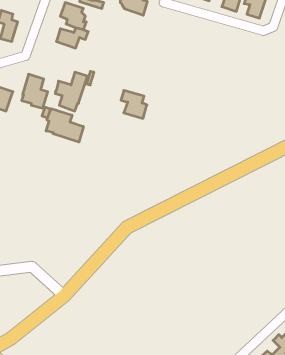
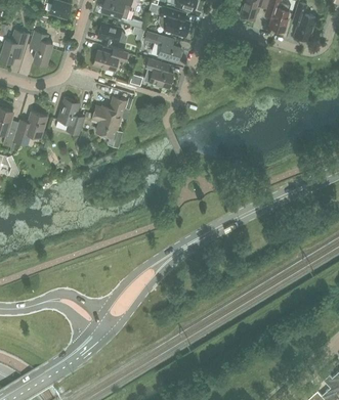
building: none -> [144,31,181,60]
building: [121,90,147,118] -> [145,58,173,88]
building: [46,109,83,142] -> none

